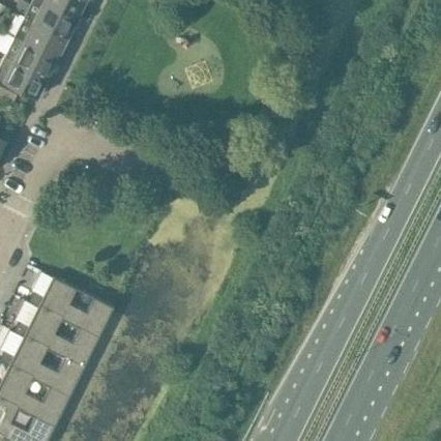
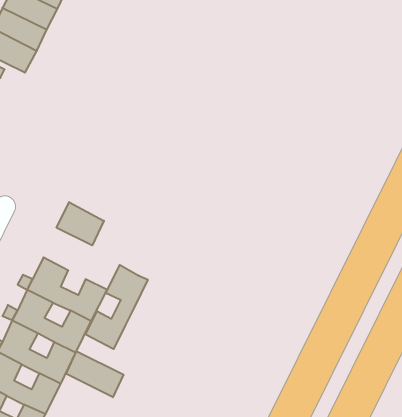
building: none -> [57,202,104,245]
building: none -> [85,265,148,349]
building: none -> [66,351,123,397]

